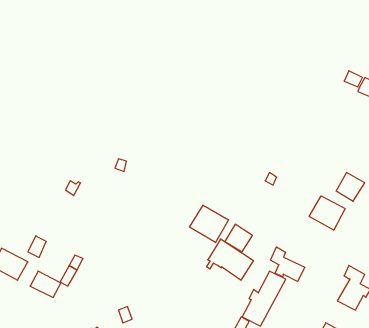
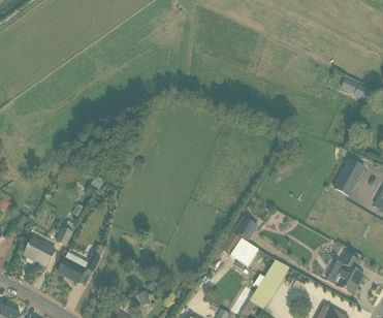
building: [309,196,345,230] -> none
building: [190,205,228,243] -> none
building: [270,247,305,281] -> none

